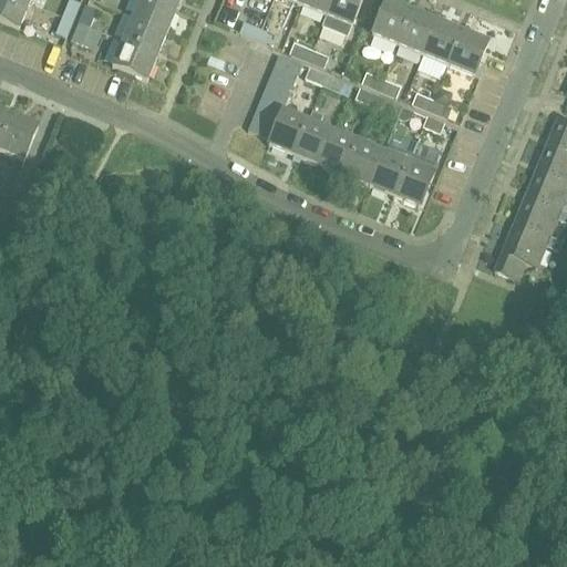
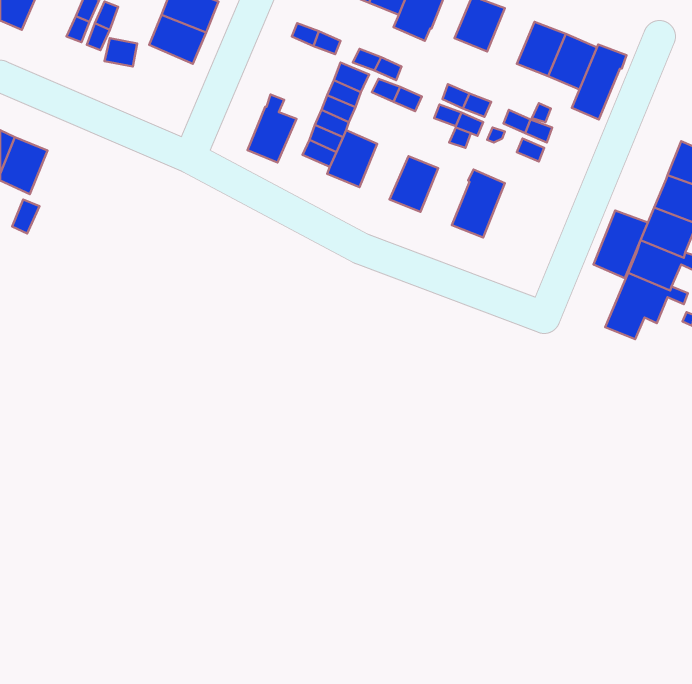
building: [399,7,437,52] -> none
building: none -> [572,45,626,120]
building: [113,37,158,78] -> none
building: [295,107,334,163] -> [248,94,296,162]
building: [344,137,384,184] -> none
building: [395,150,440,205] -> [593,210,648,278]

